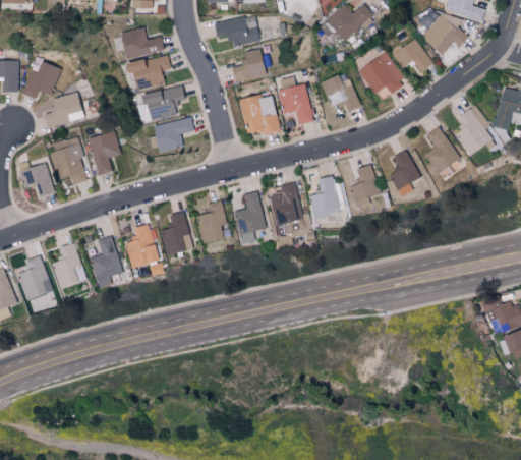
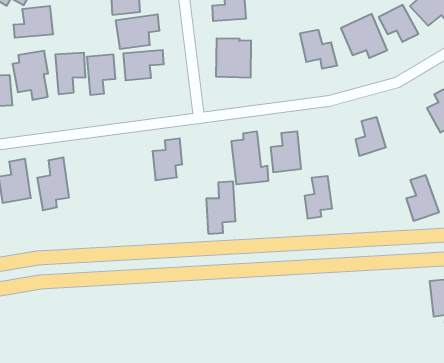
building: [279,84,312,123] -> none
building: [425,126,459,172] -> [406,175,439,221]
building: none -> [87,54,115,95]
building: [352,164,381,208] -> [305,176,332,218]
building: [234,190,266,244] -> [206,182,236,234]
building: [161,211,193,254] -> none
building: [126,224,158,267] -> none

